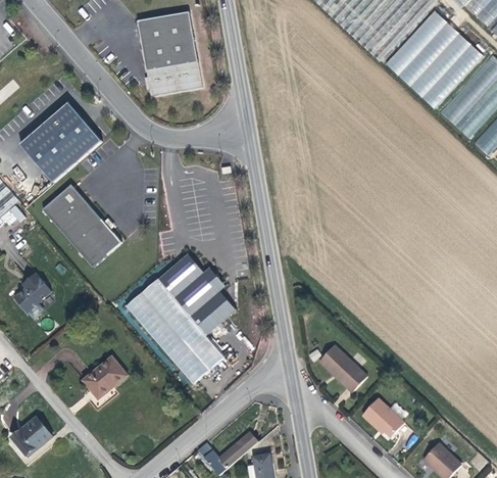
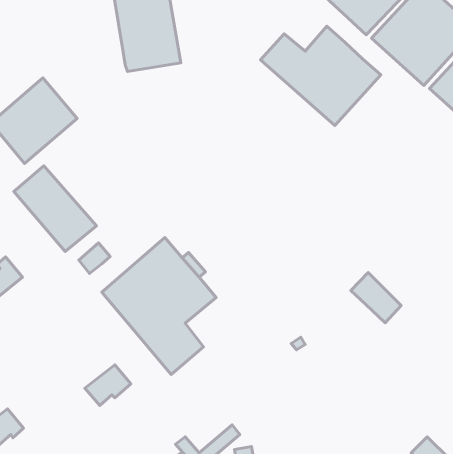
building: none -> [261,26,381,126]
building: none -> [79,243,110,273]
building: [317,344,365,392] -> [351,272,401,323]
building: [83,355,127,394] -> [85,365,131,405]
building: [361,398,402,436] -> none

